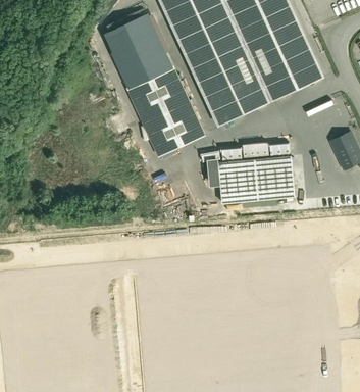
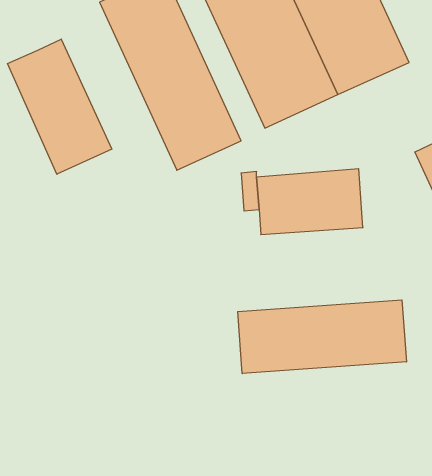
building: none -> [7,39,112,174]
building: none -> [238,300,406,374]

